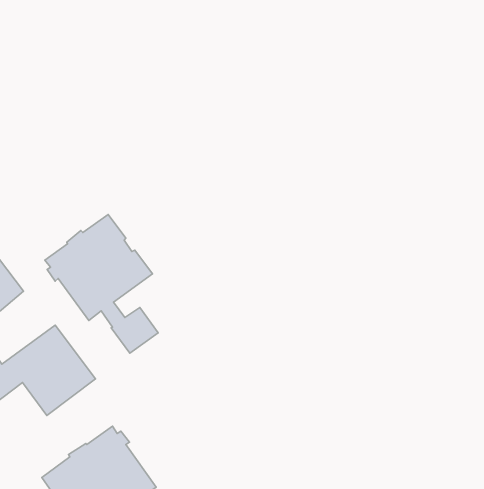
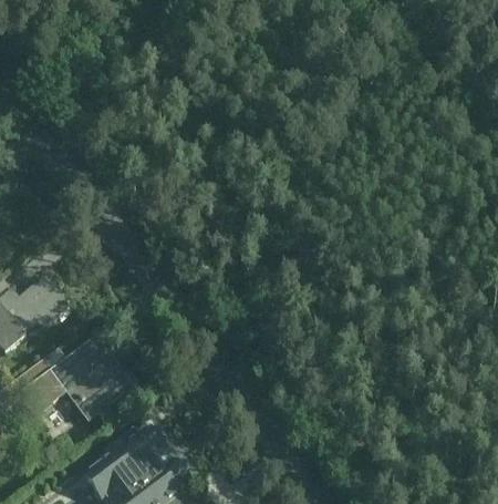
building: [45,215,158,353] -> none

